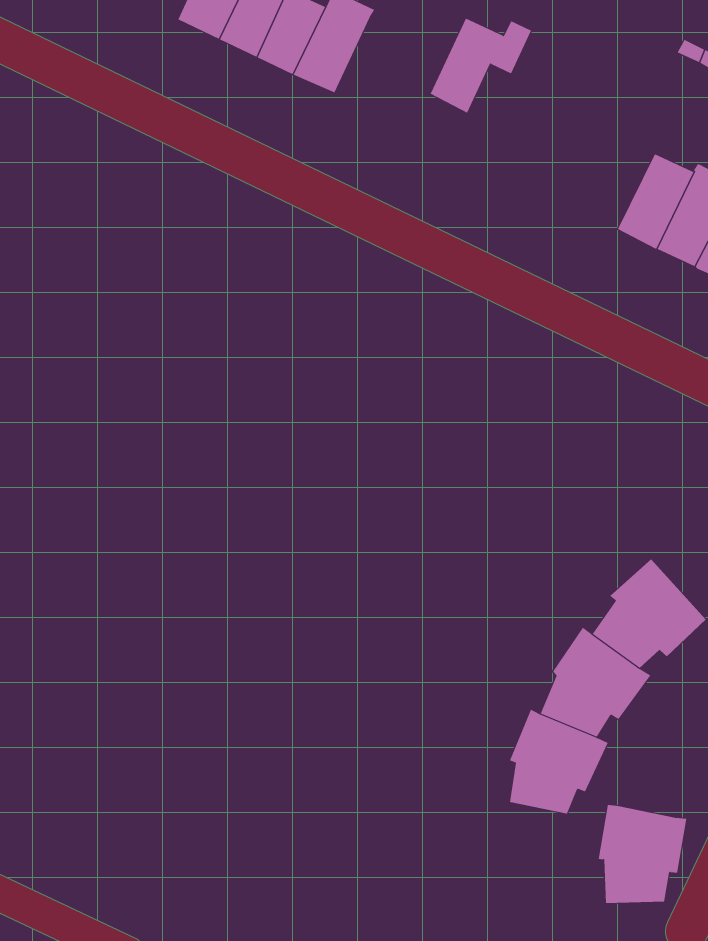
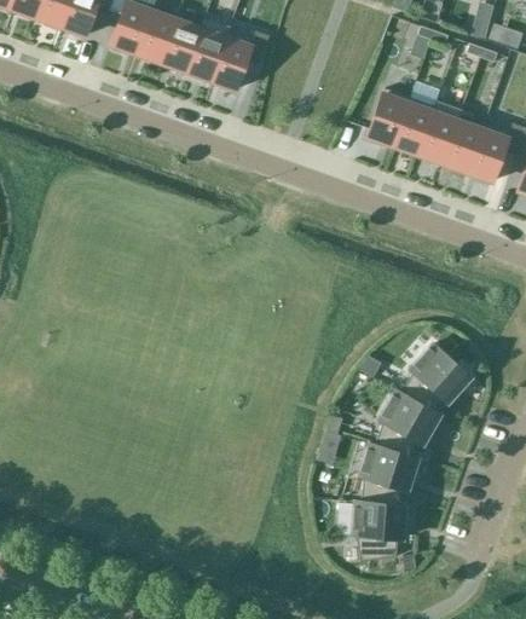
building: [430,18,532,113] -> [212,30,270,89]
building: none -> [368,87,410,145]
building: [598,804,687,904] -> [353,501,405,561]

